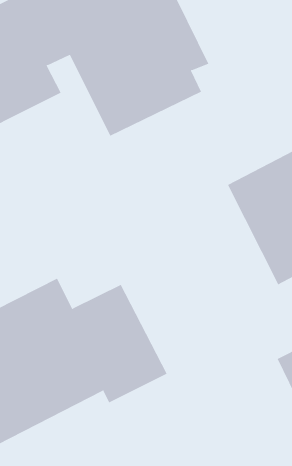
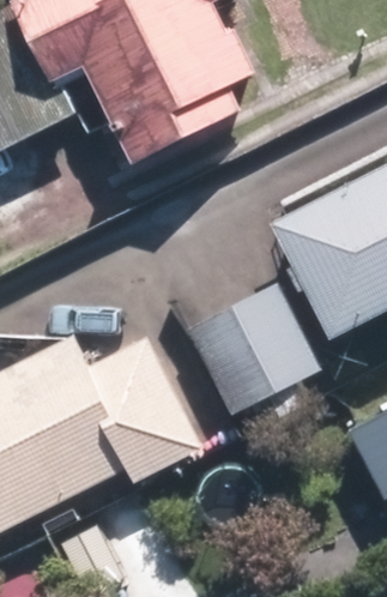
building: none -> [187,282,320,416]

